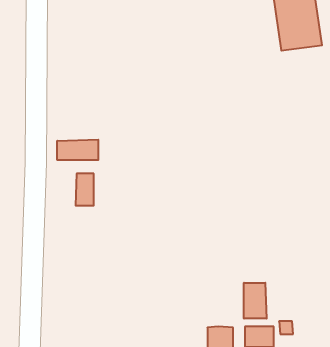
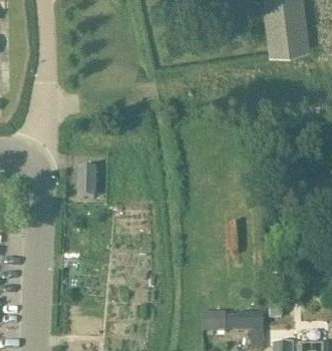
building: [57,140,98,160] -> none
building: [244,283,267,319] -> none

